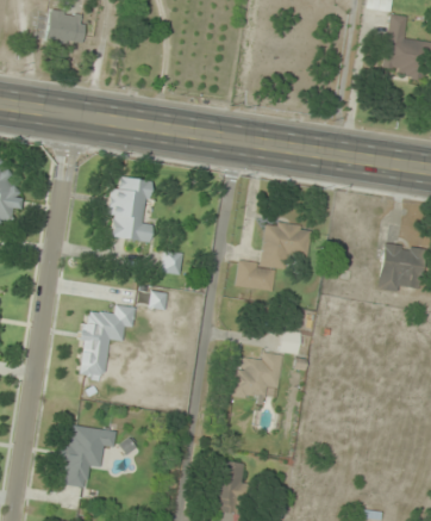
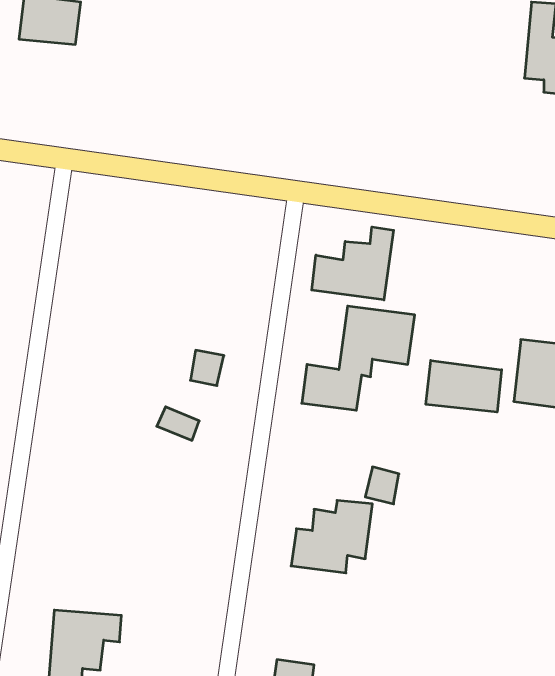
building: none -> [312,227,394,300]
building: [107,176,154,242] -> none
building: none -> [426,360,502,412]
building: [79,304,136,377] -> none

